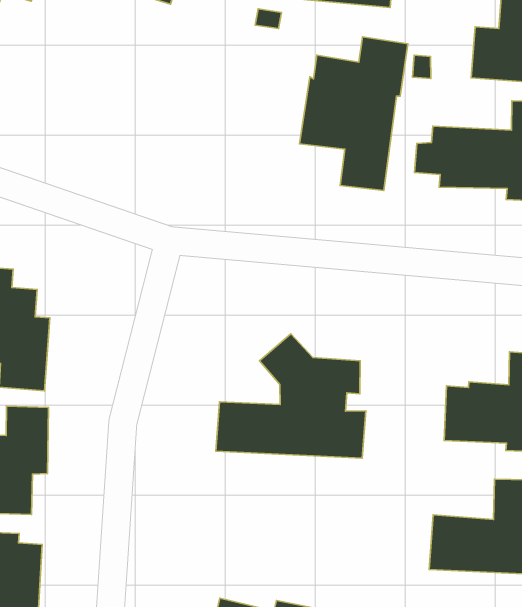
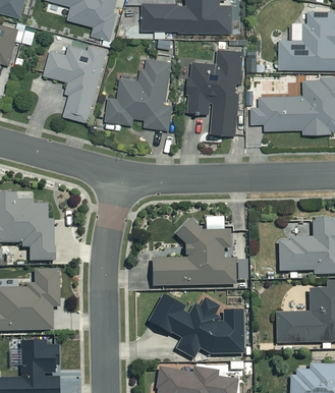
building: none -> [44,45,106,122]
building: none -> [106,58,170,129]
building: none -> [145,291,241,357]

